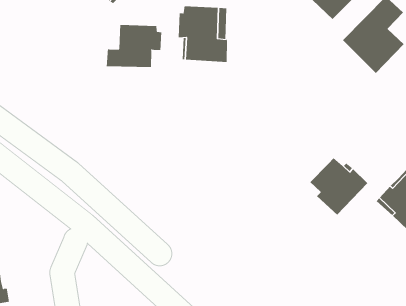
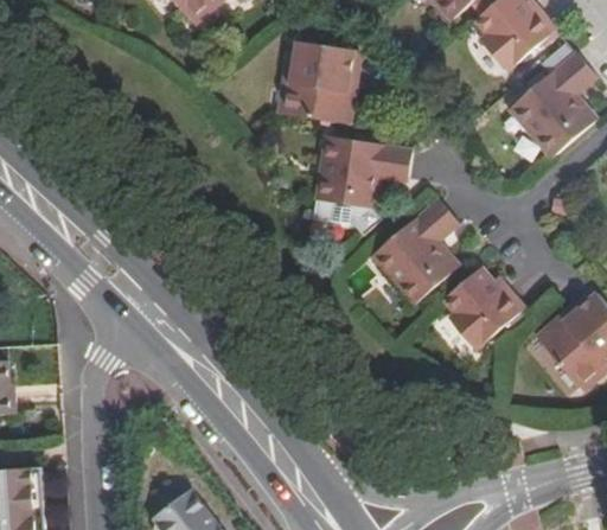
building: [106,24,162,68] -> none
building: none -> [319,134,413,207]
building: none -> [373,196,461,304]

